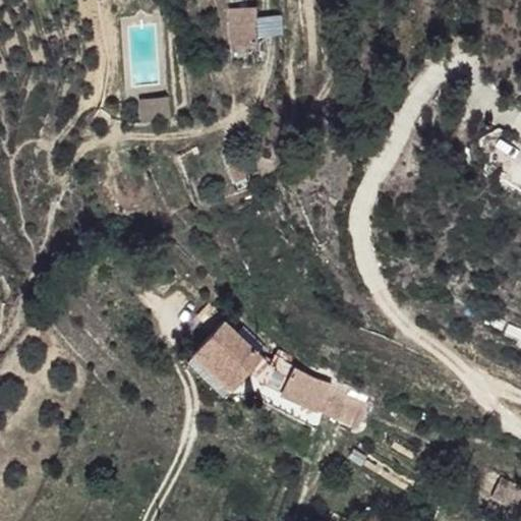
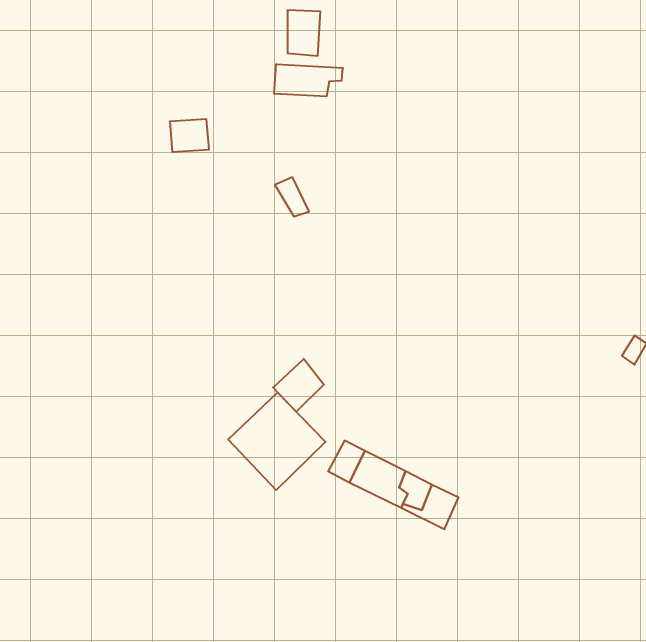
building: none -> [274,64,343,96]
building: none -> [273,359,324,412]

